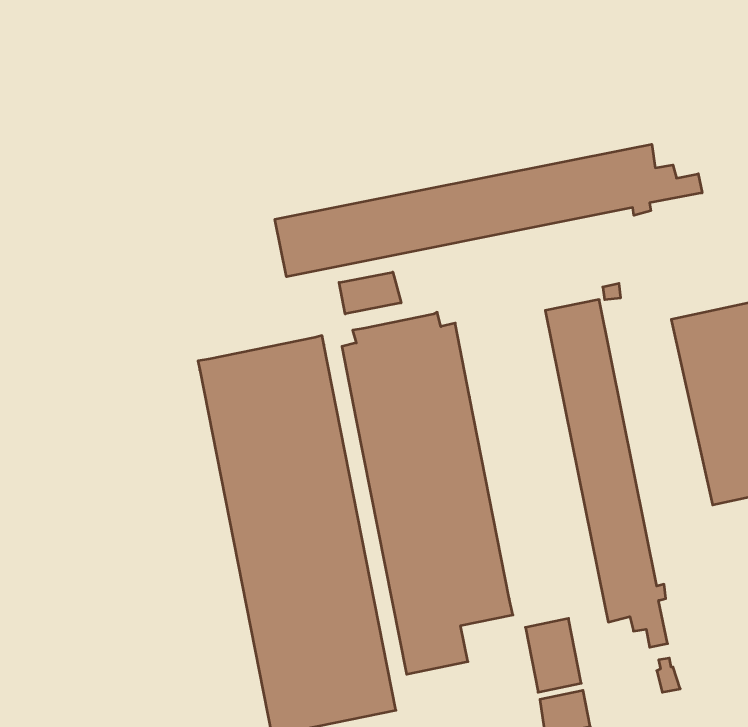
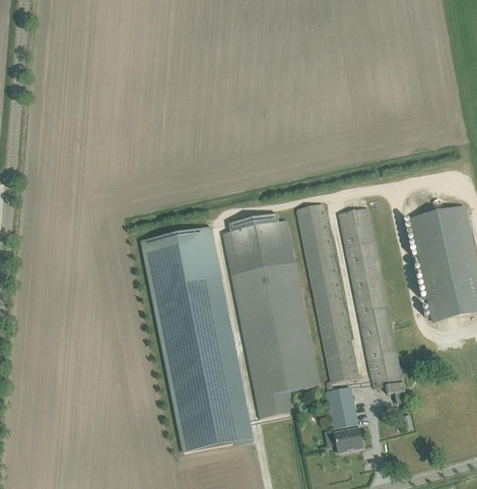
building: [275,144,702,277] -> none
building: [339,272,401,314] -> none
building: none -> [295,203,357,388]

